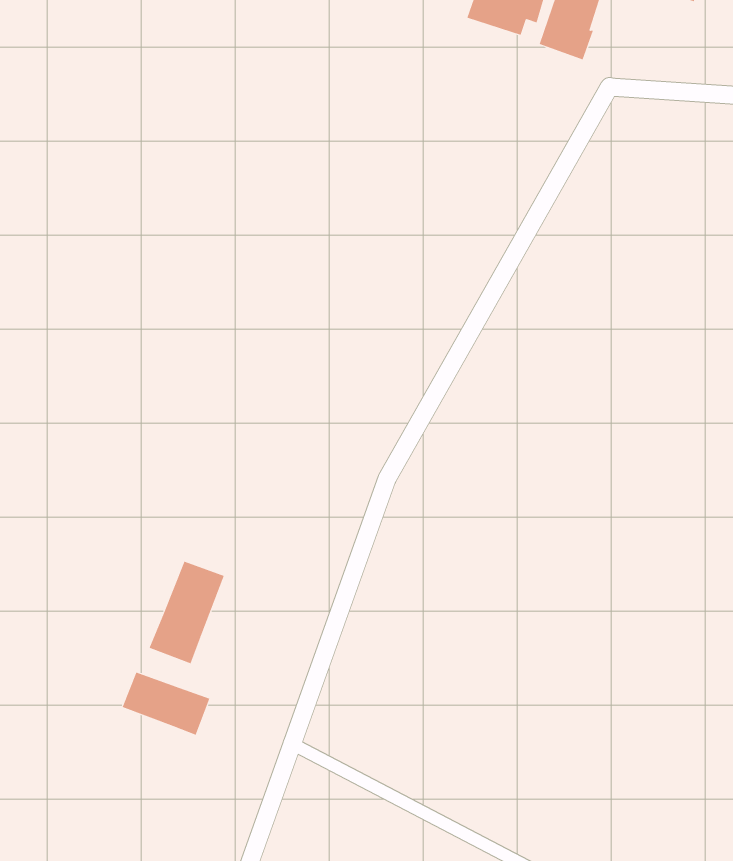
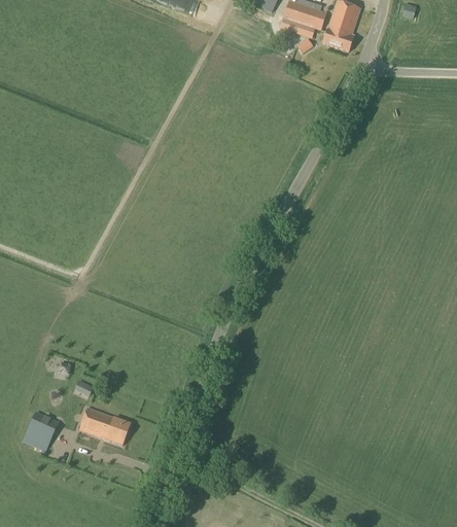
building: [149,561,225,664] -> none
building: none -> [23,411,58,450]

